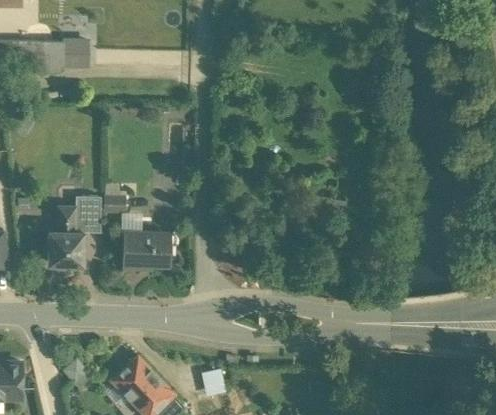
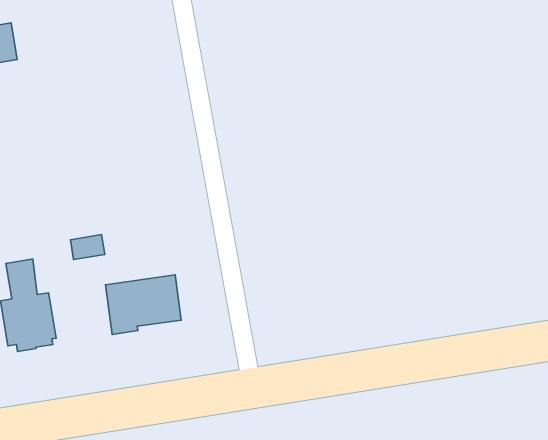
building: [75,195,101,232] -> none

